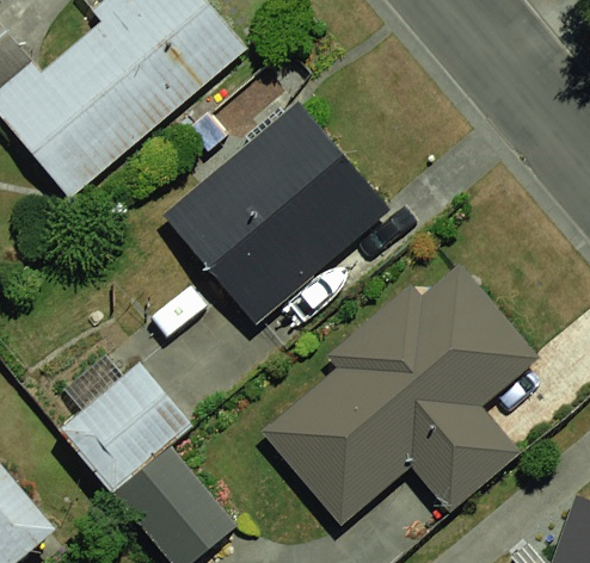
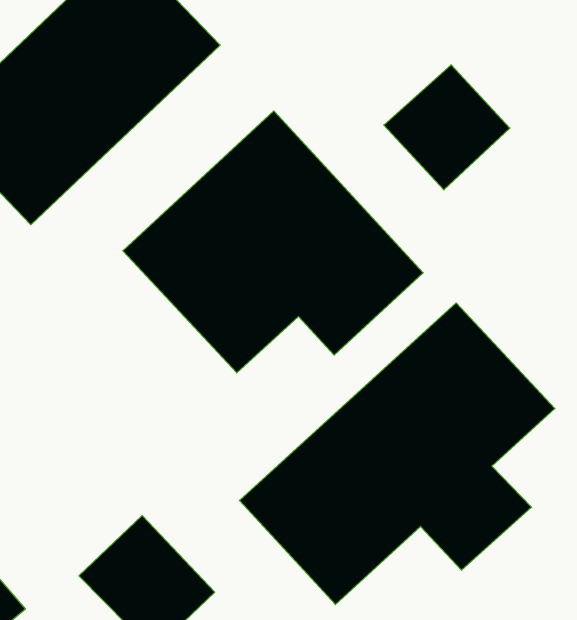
building: none -> [384,65,510,190]
building: [61,359,188,482] -> none

